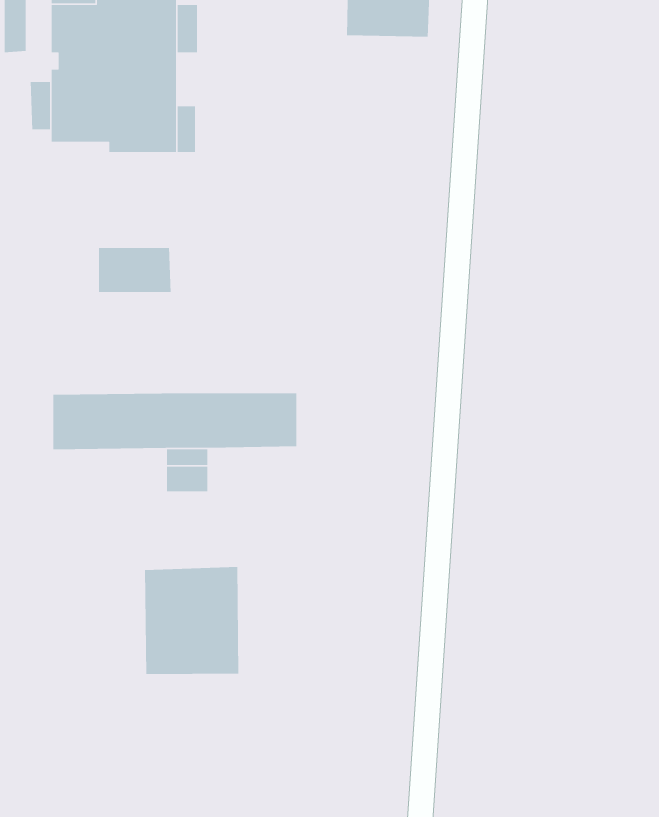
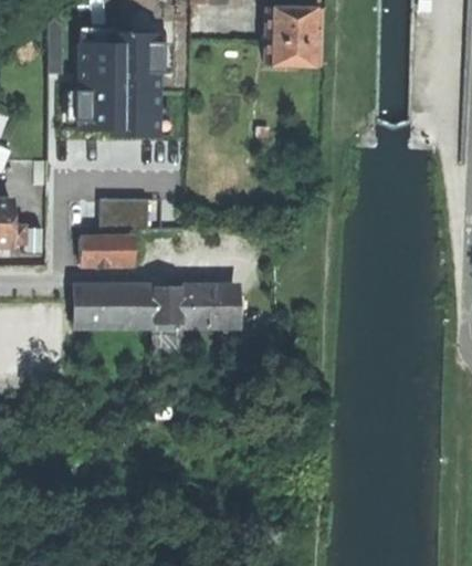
building: none -> [80,235,132,263]
building: [144,566,239,675] -> none

